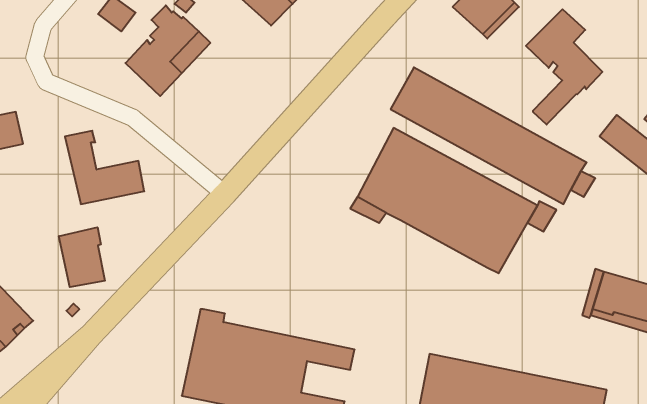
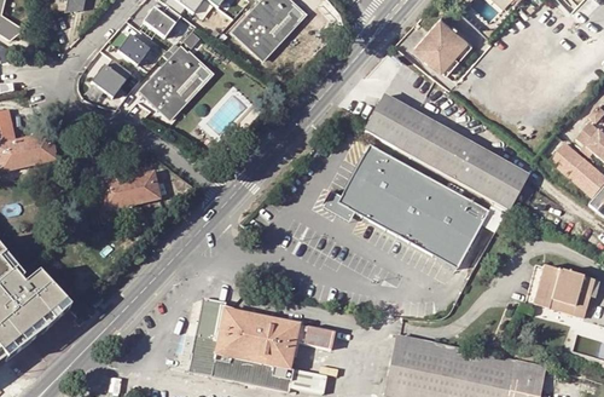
building: [526,9,602,125] -> none
building: none -> [92,58,132,97]
building: [59,227,105,287] -> none

